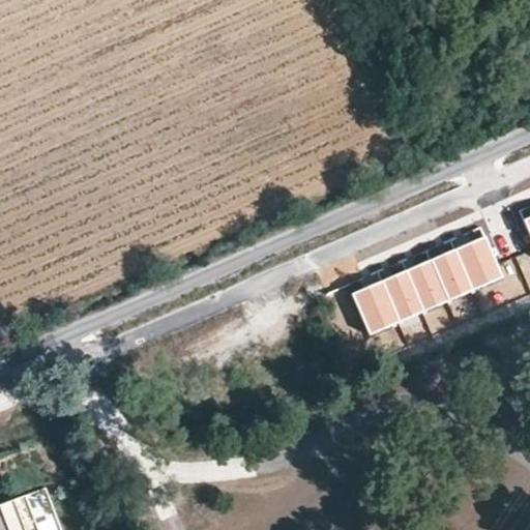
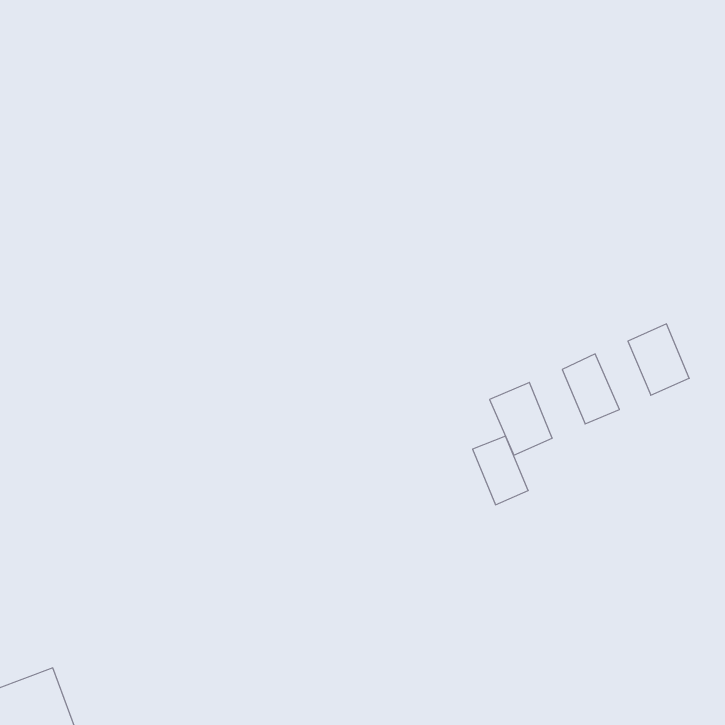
building: [432,251,472,300] -> none
building: [384,271,424,321] -> [473,436,528,505]

